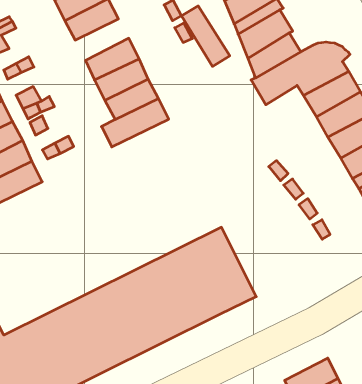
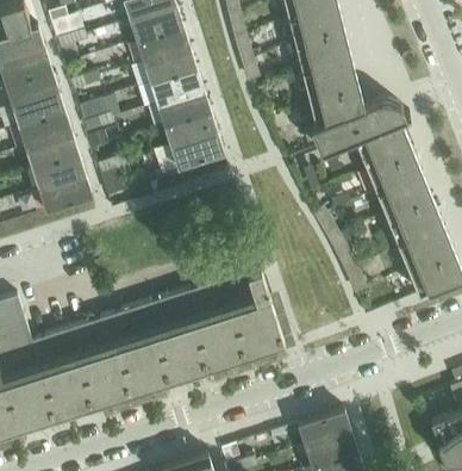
building: [182,6,230,66] -> none
building: none -> [145,54,198,89]

